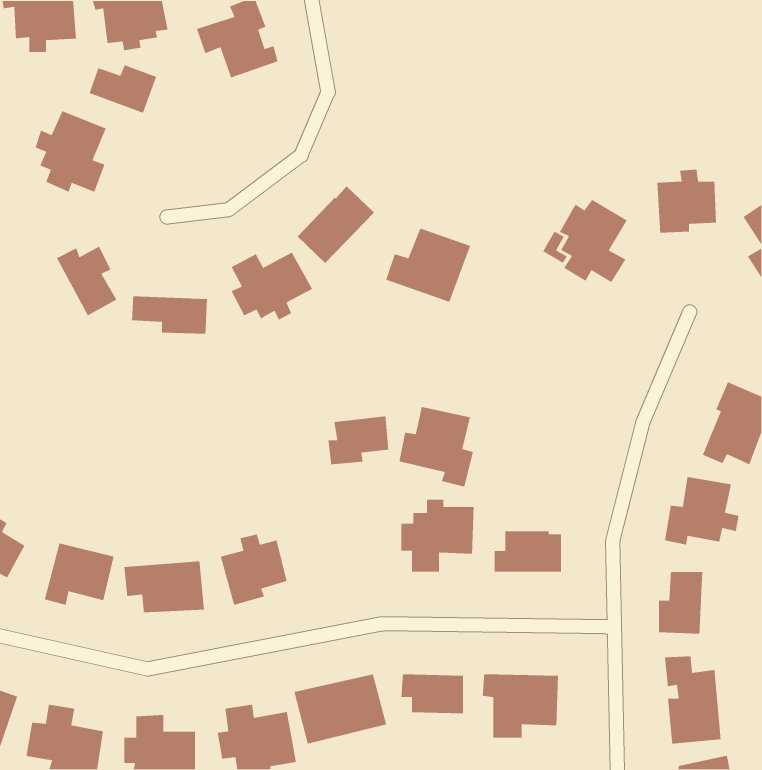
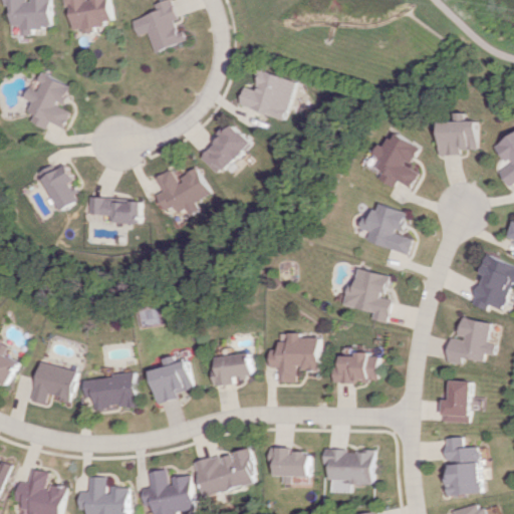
building: [88,64,157,114] -> none
building: [385,227,471,303] -> [239,69,296,119]
building: none -> [355,202,409,254]
building: [399,406,474,488] -> [338,268,389,322]
building: [327,416,389,465] -> [209,352,250,386]

